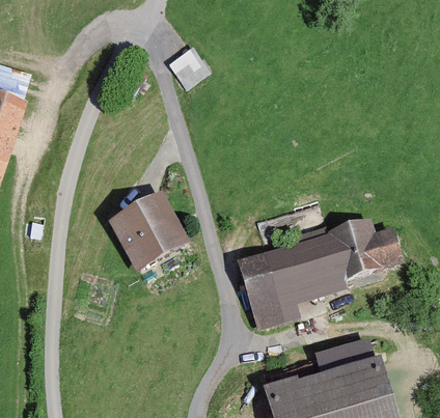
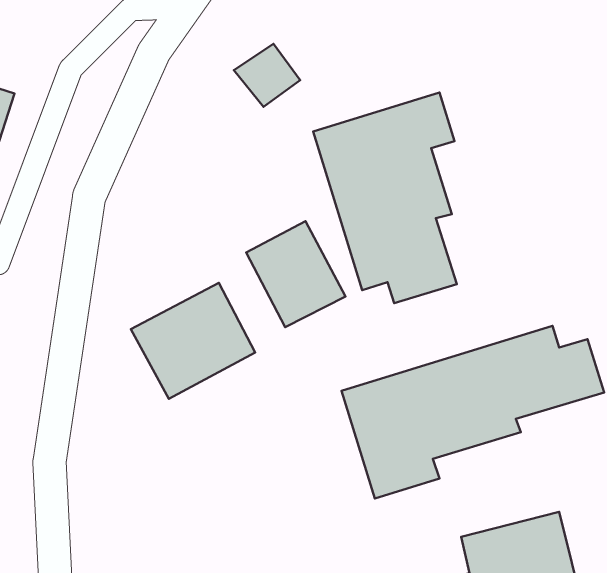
building: none -> [313,92,457,303]
building: none -> [246,221,345,327]

